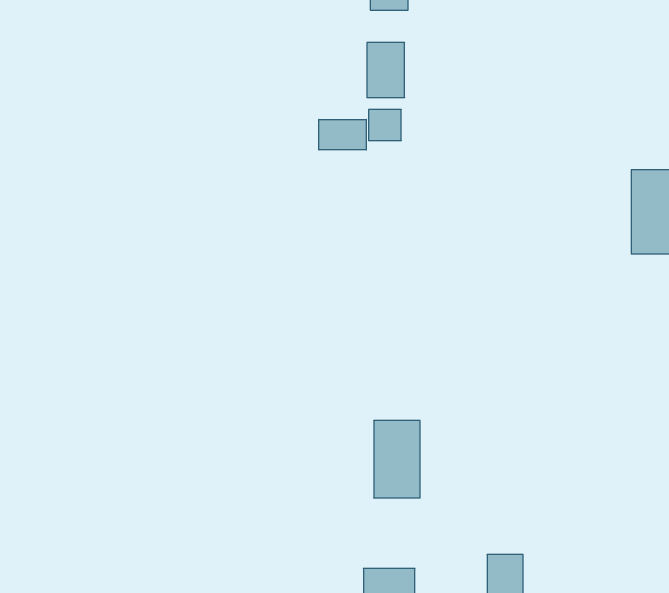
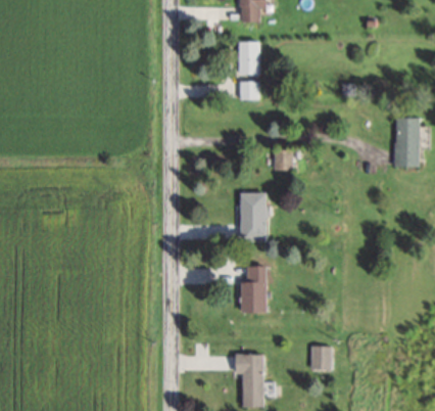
building: [319,119,366,150] -> none
building: none -> [272,150,291,170]
building: none -> [239,193,268,241]

